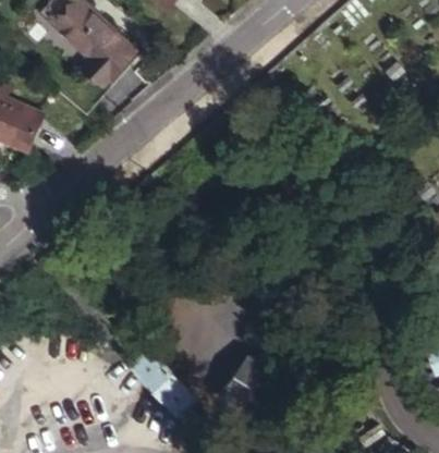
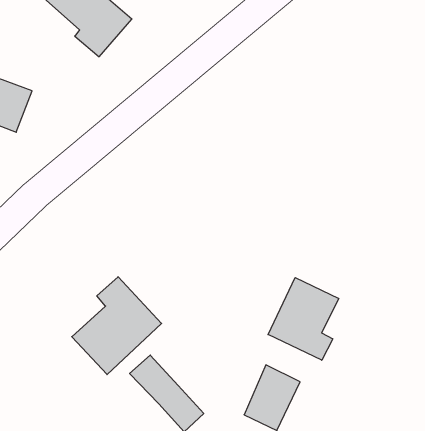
building: none -> [72,277,162,375]
building: none -> [268,278,339,360]

